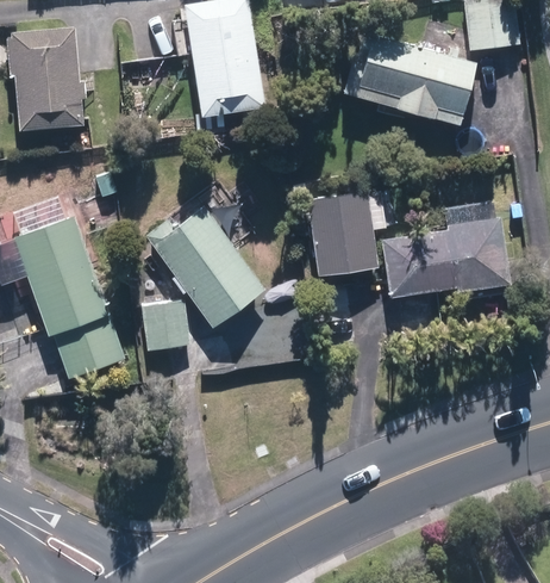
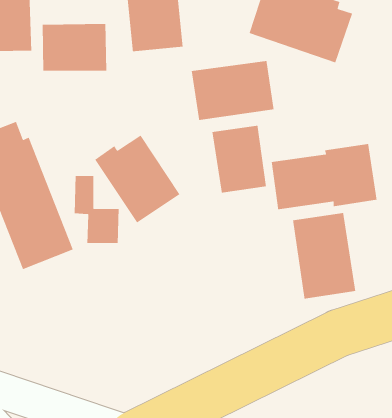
building: none -> [42,23,107,71]
building: none -> [191,60,274,121]
building: none -> [292,212,356,300]

